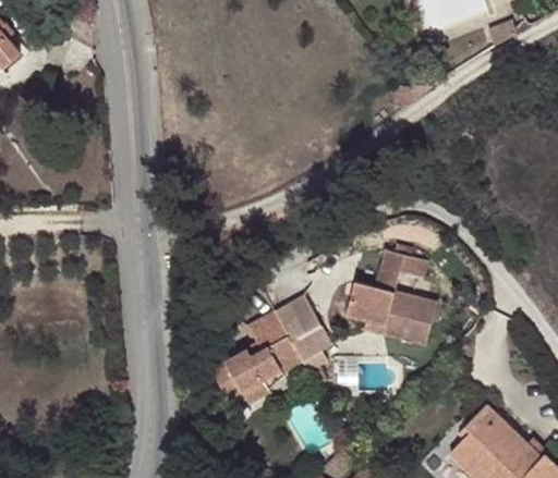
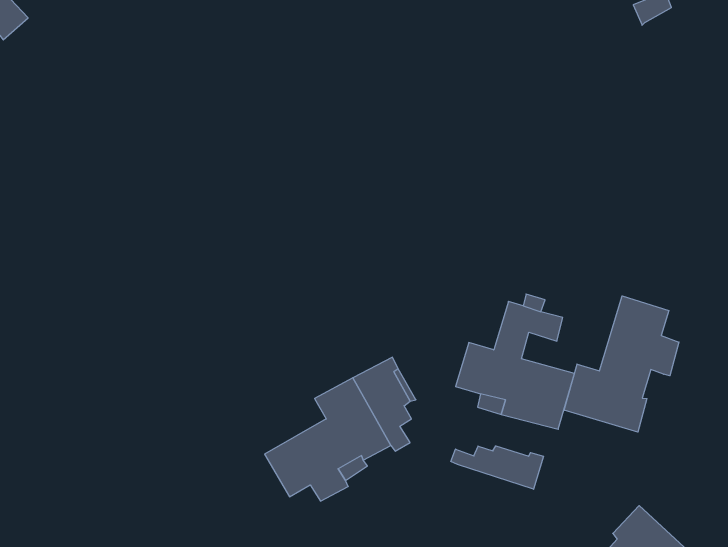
building: none -> [564,296,679,432]
building: none -> [451,446,543,489]

